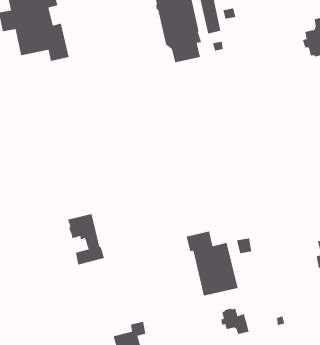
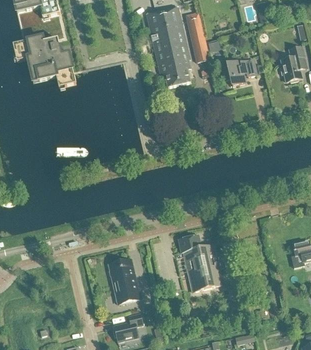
building: none -> [223,59,256,85]
building: [67,214,105,265] -> [108,258,141,303]
building: [221,308,249,335] -> none

